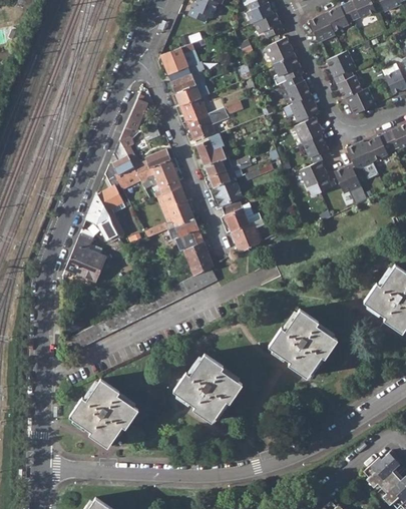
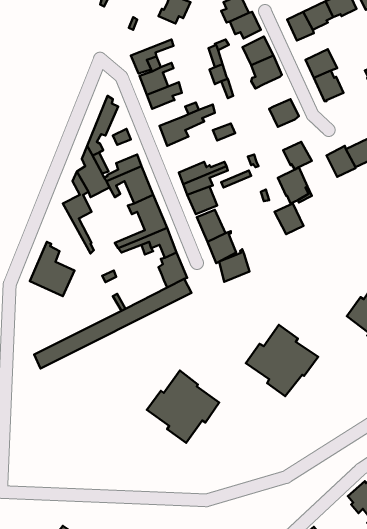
building: [286,76,311,104] -> none
building: [345,88,374,115] -> none
building: [180,98,211,122] -> none
building: [295,119,324,145] -> none
building: [195,134,232,166] -> none
building: [332,165,359,194] -> [275,203,303,234]
building: [86,195,117,239] -> none
building: none -> [219,249,249,282]
building: [71,381,139,448] -> none

